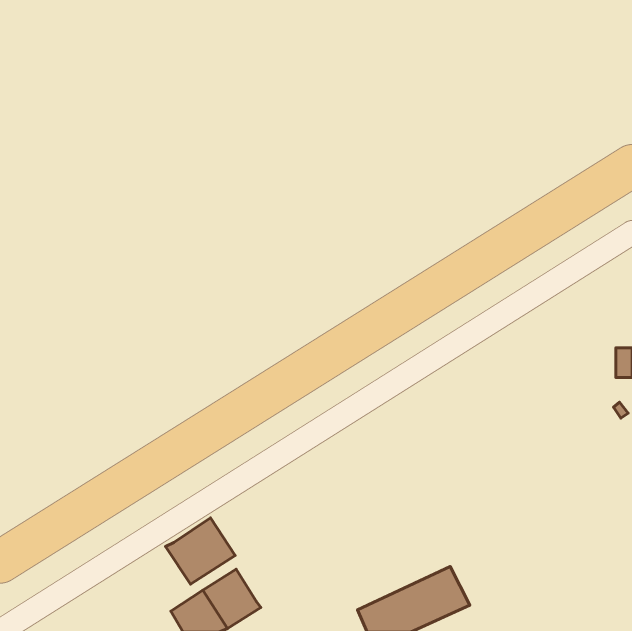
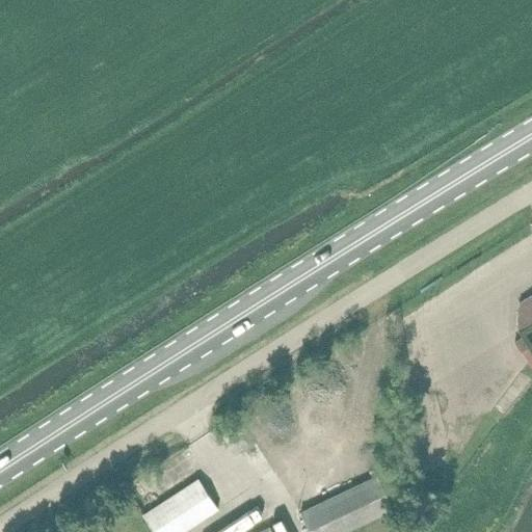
building: [166,518,235,584] -> none

